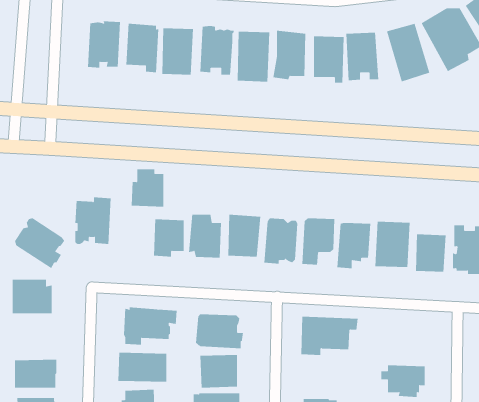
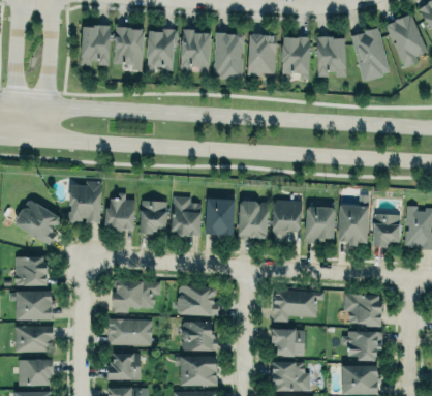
building: [131,169,164,207] -> [104,196,134,231]
building: none -> [340,290,381,326]
building: none -> [16,292,53,321]
building: none -> [270,325,304,357]

